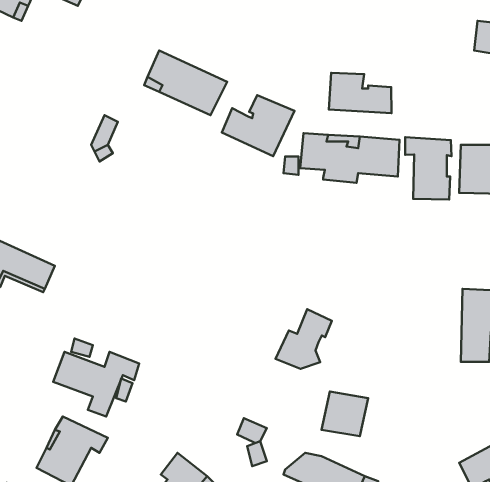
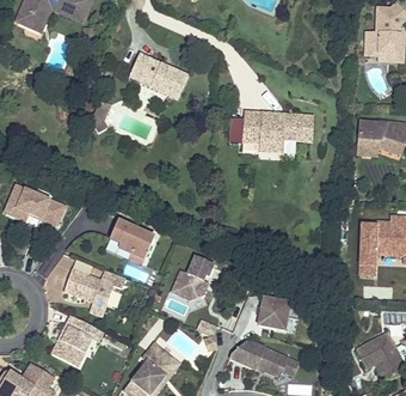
building: [329,73,392,113] -> none
building: [222,95,294,156] -> none
building: [405,137,452,200] -> none
building: none -> [110,221,154,263]
building: [276,309,332,369] -> [172,256,213,299]

